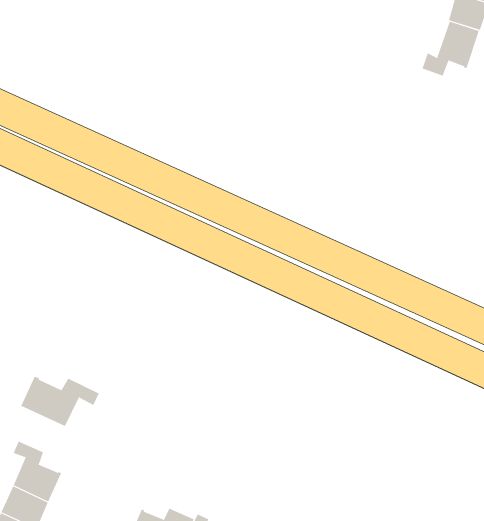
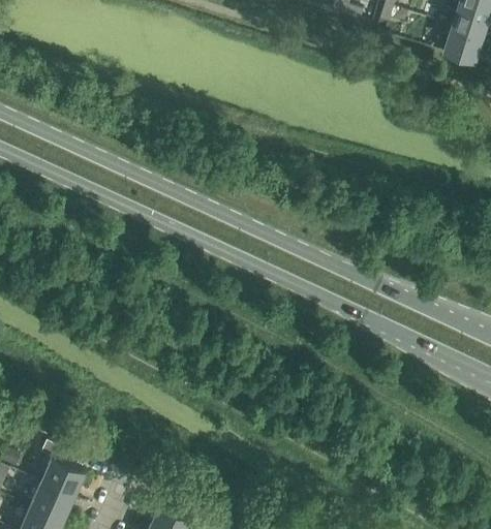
building: [422,21,479,77] -> none
building: [20,376,100,427] -> none

